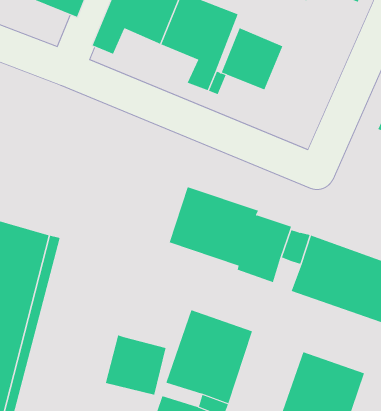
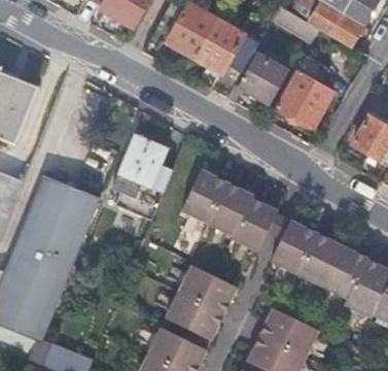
building: none -> [276,55,332,127]
building: none -> [112,133,172,220]
building: [105,335,166,395] -> none

